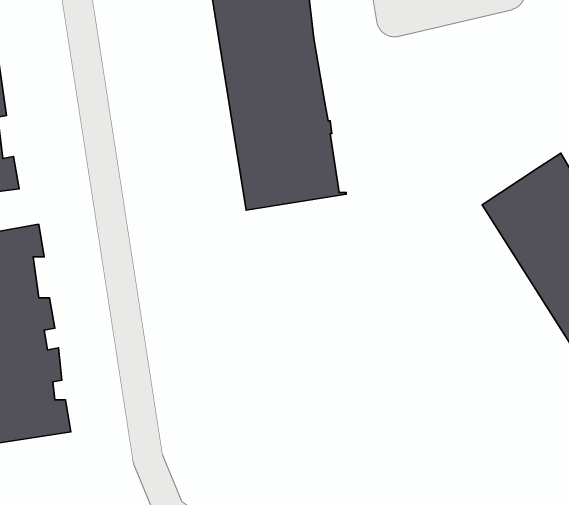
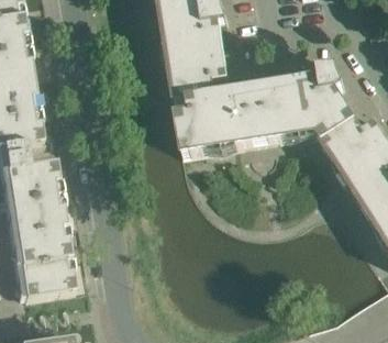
building: none -> [232,68,364,153]

